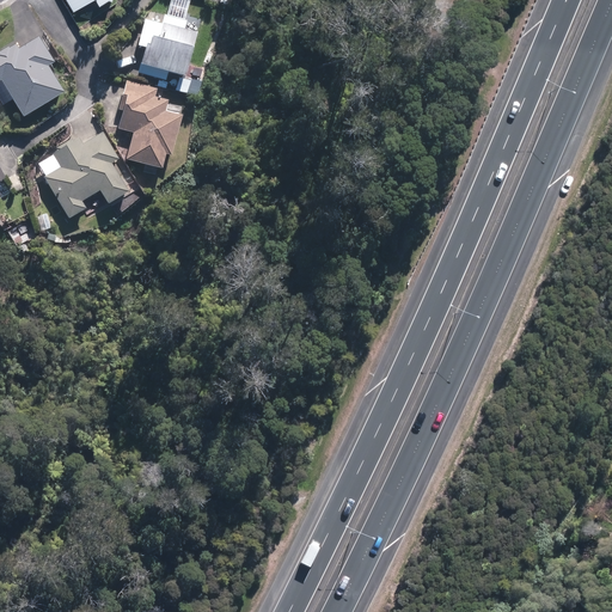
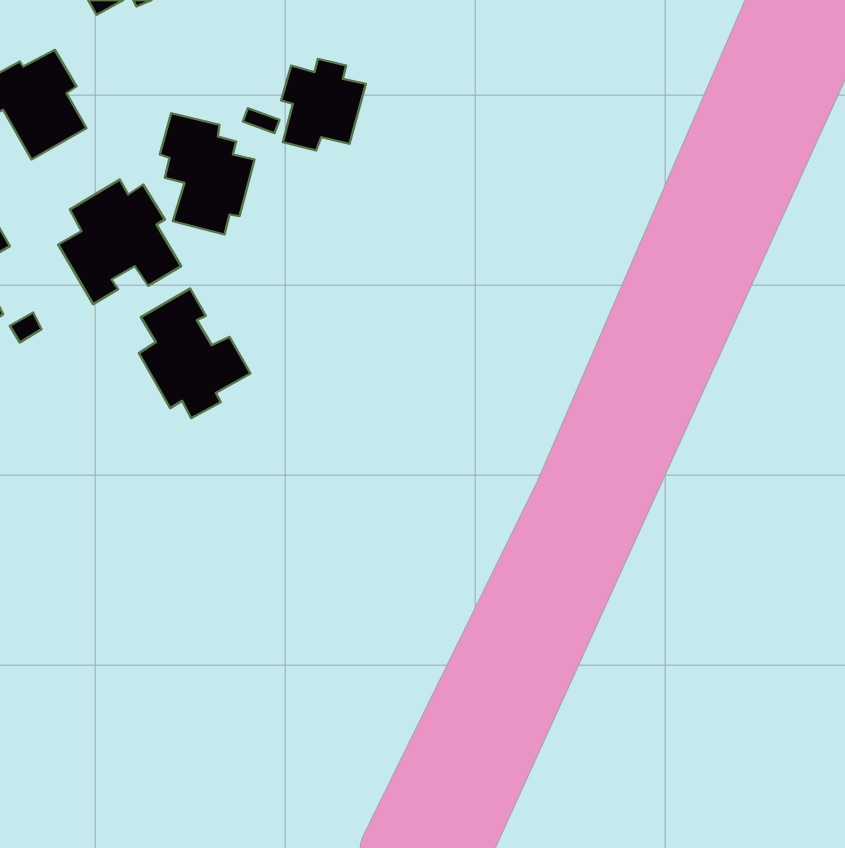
building: [137,16,198,81] -> [281,59,366,150]
building: none -> [139,288,251,418]

